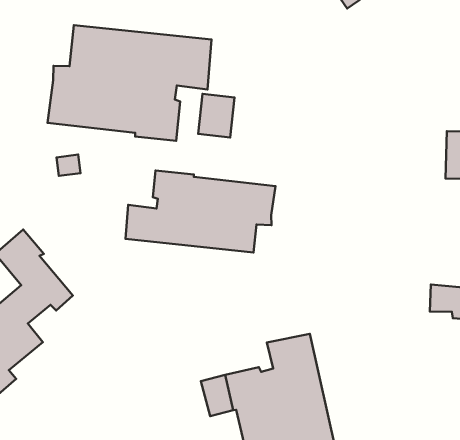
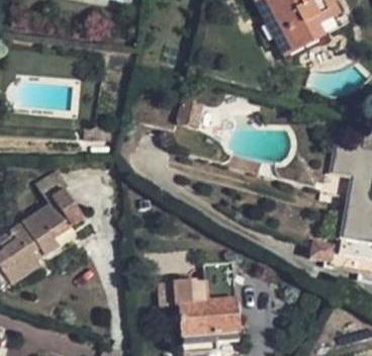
building: [47,25,212,141] -> none
building: [125,171,276,252] -> none

